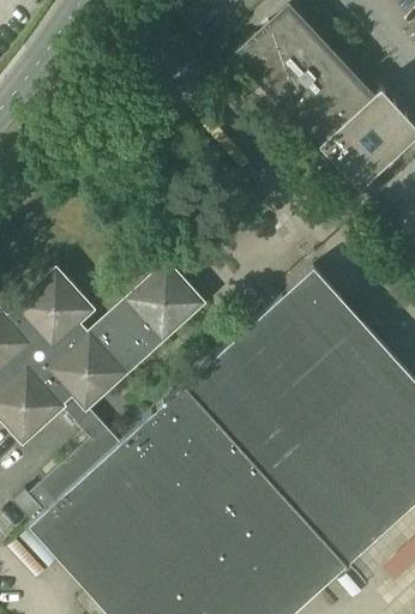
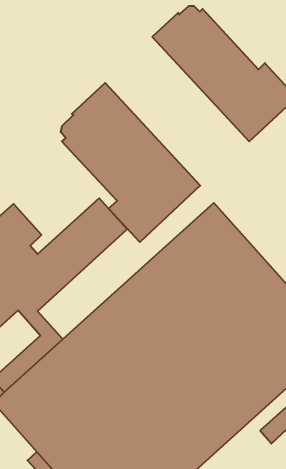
building: none -> [61,83,200,242]

